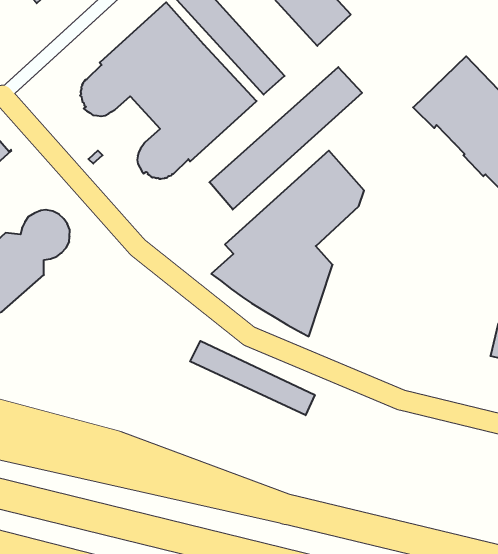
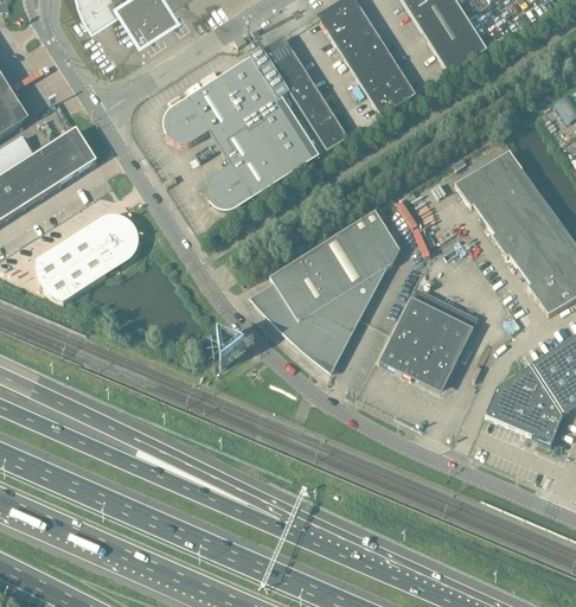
building: [209,67,362,210] -> none
building: none -> [378,296,473,386]
building: [190,341,315,415] -> none

